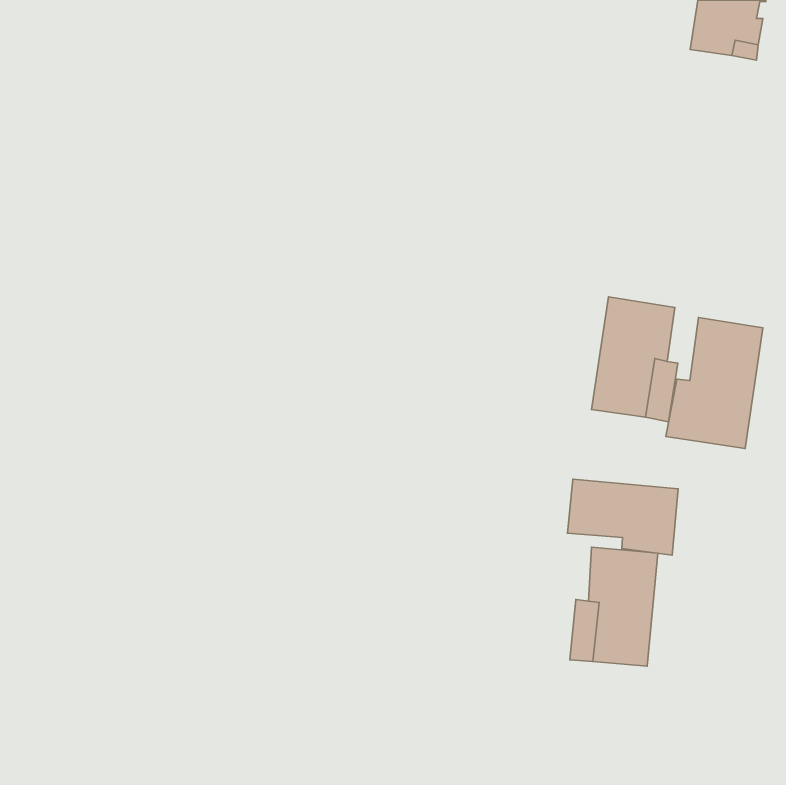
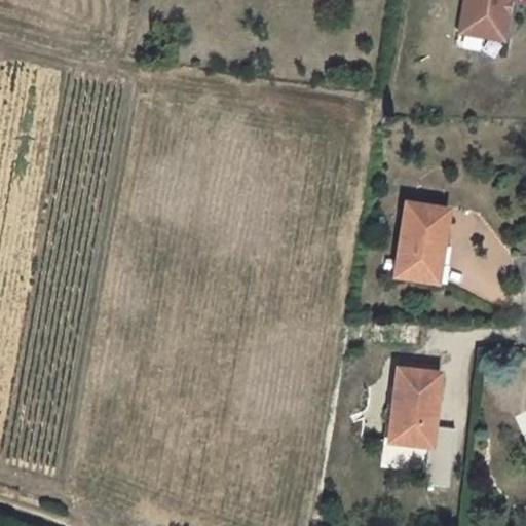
building: [666,318,763,448] -> none
building: [567,479,678,555] -> none

